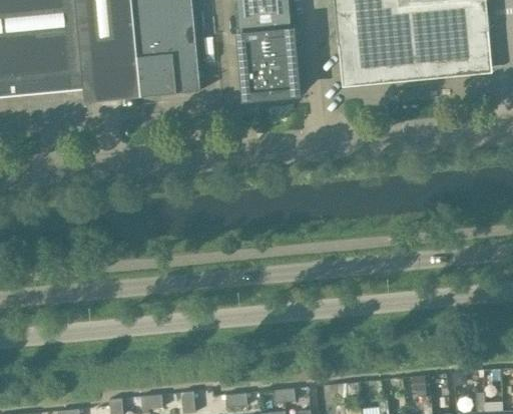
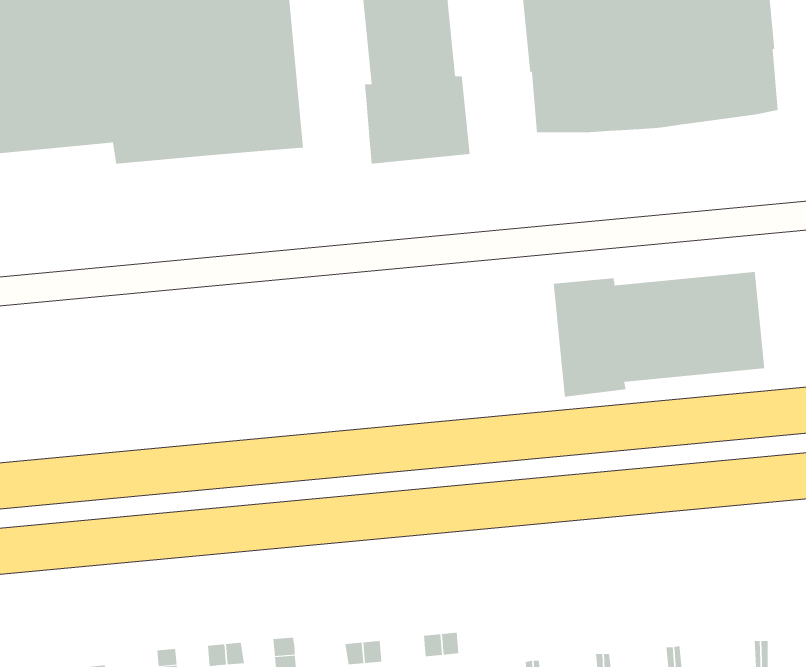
building: none -> [553,271,765,398]

